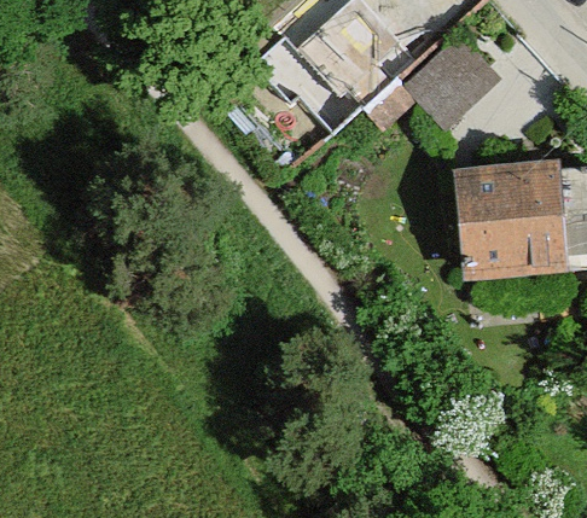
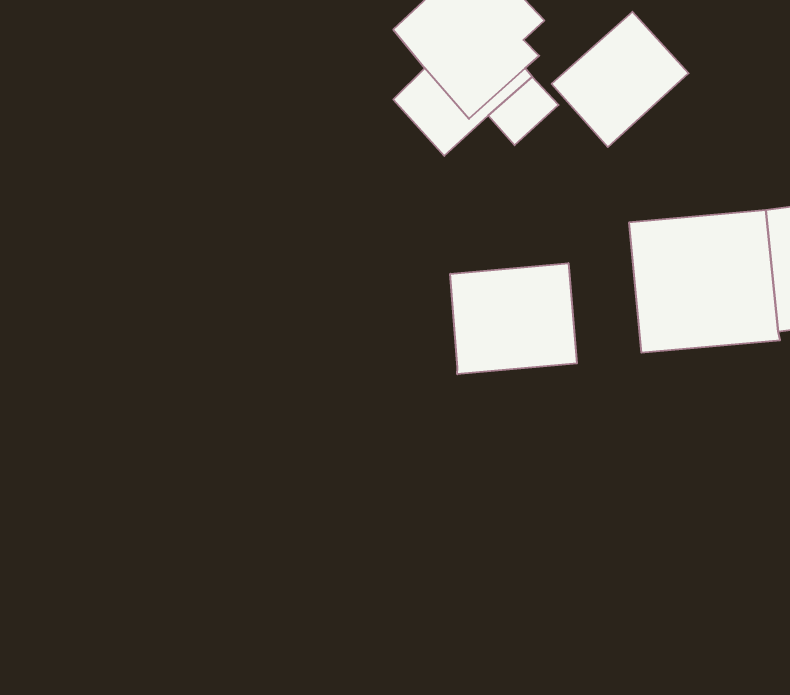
building: none -> [450,263,577,374]

